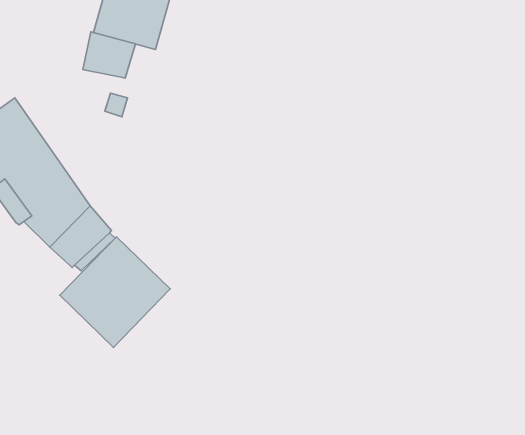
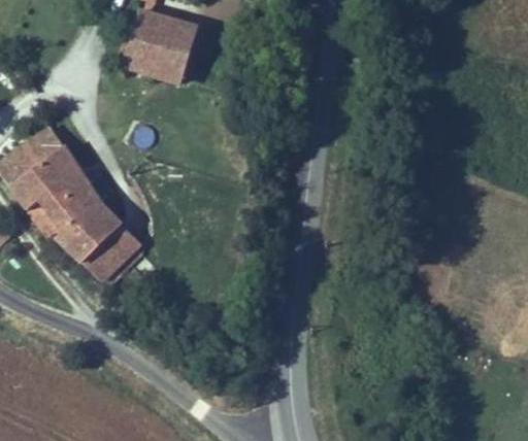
building: [83,32,136,78] -> none
building: [60,237,170,347] -> none

